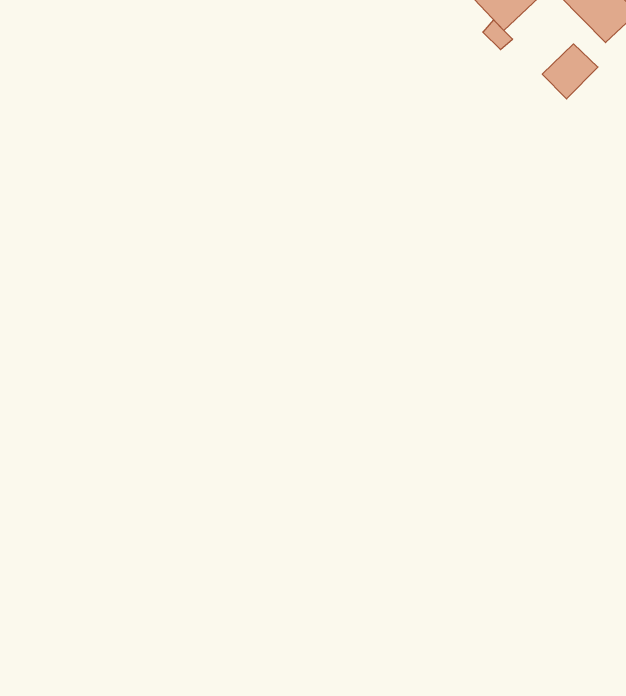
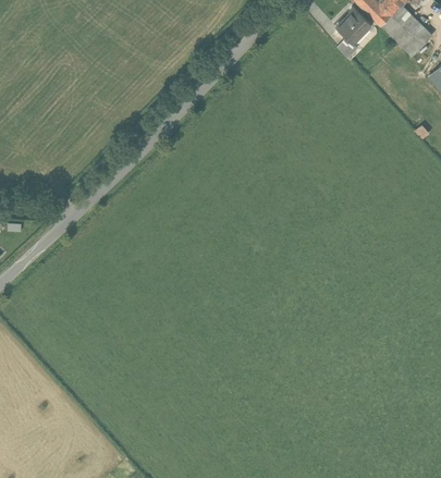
building: [542,44,598,99] -> none

